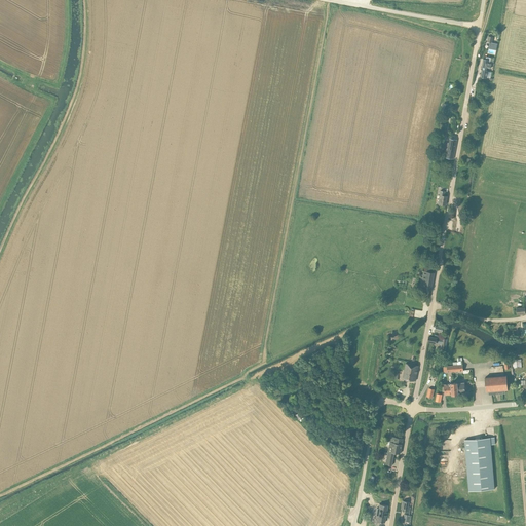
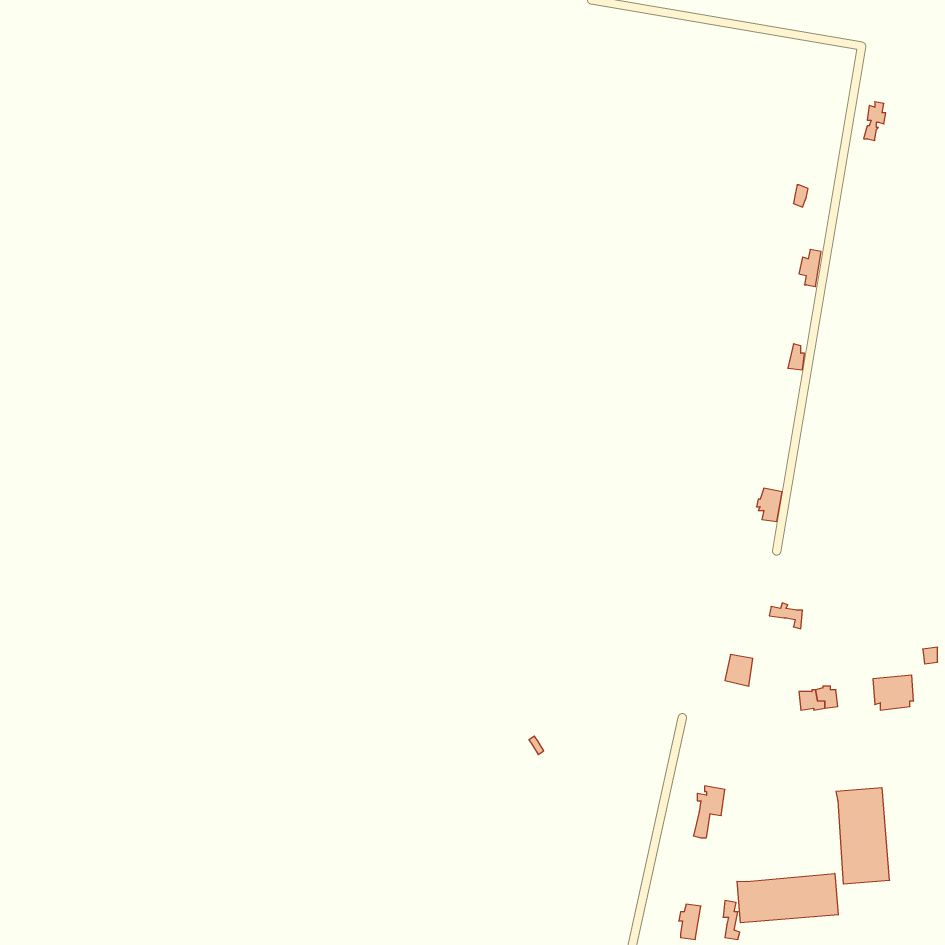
building: none -> [737,873,838,923]

